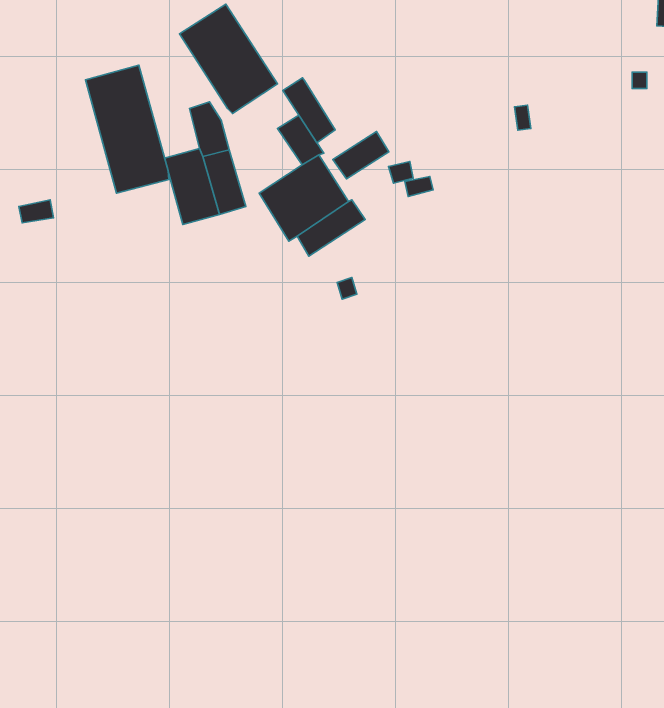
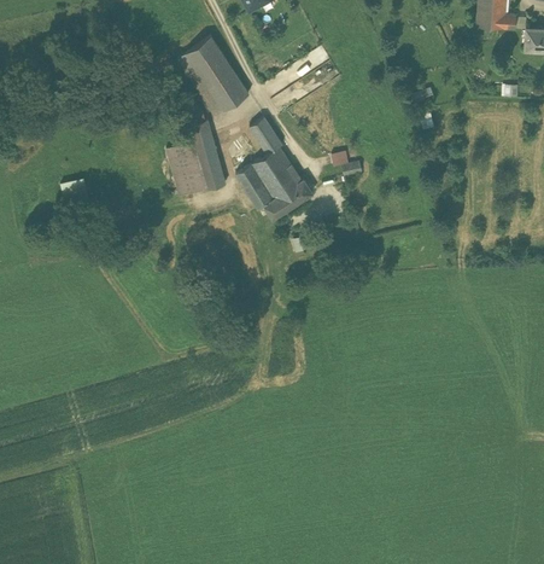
building: [85,65,169,193] -> none
building: [283,78,335,143] -> none
building: [333,131,389,179] -> none

